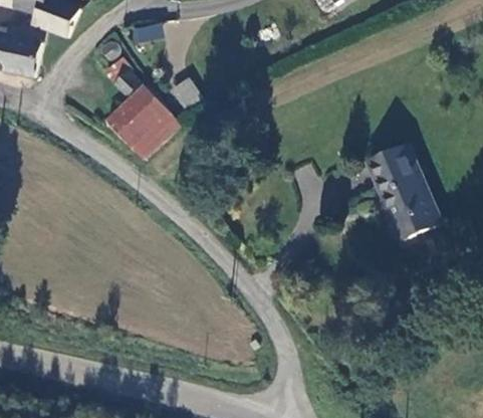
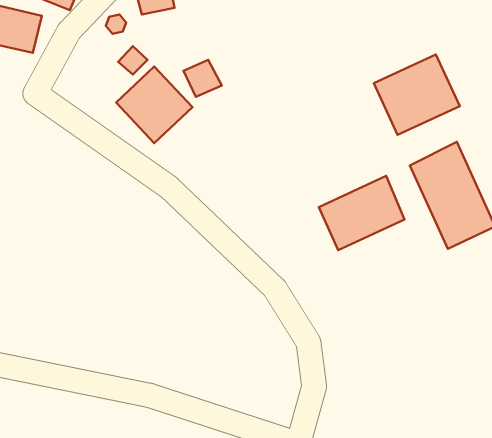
building: none -> [374,55,460,135]
building: none -> [319,176,405,250]

